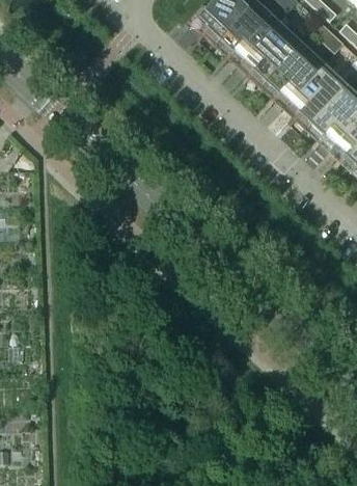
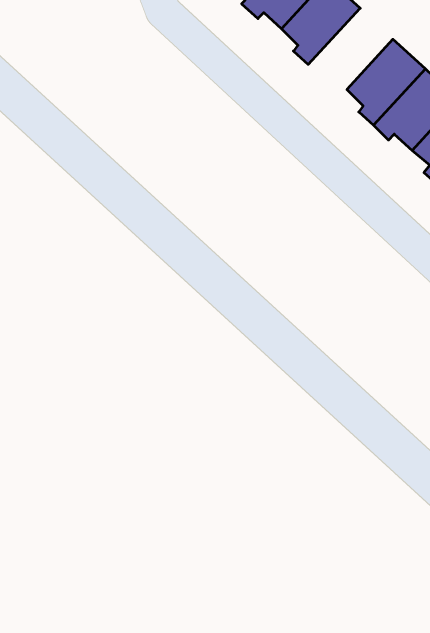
building: [241,24,300,81] -> none

